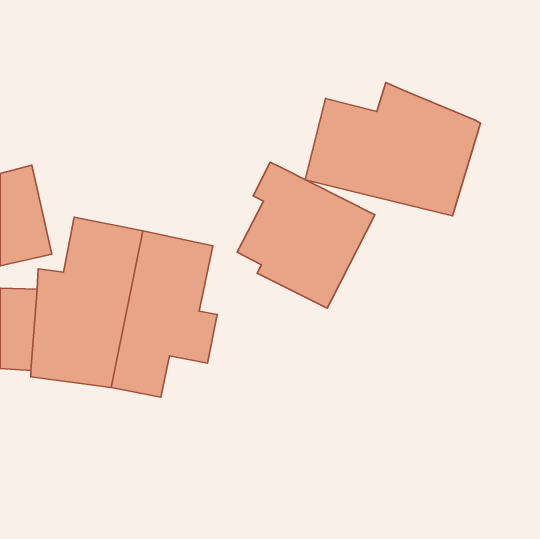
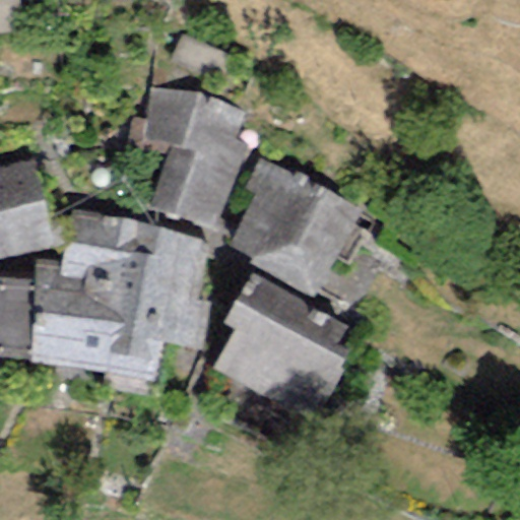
building: [305,82,481,216] -> none
building: none -> [144,85,248,223]
building: none -> [212,274,347,416]

